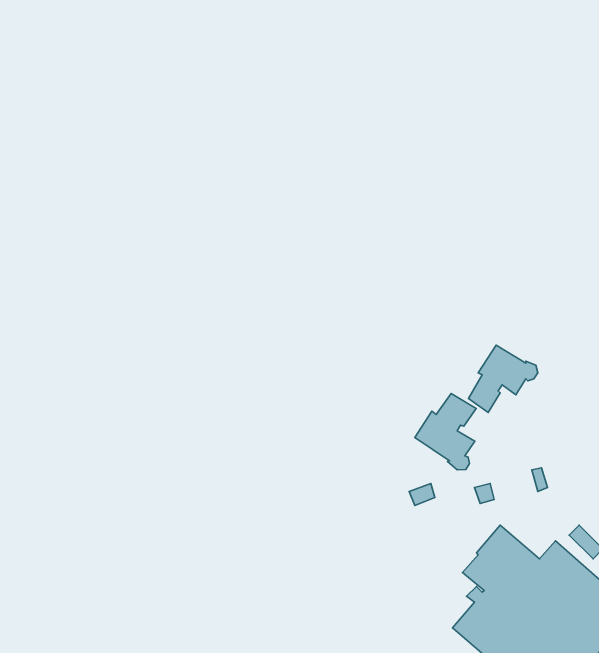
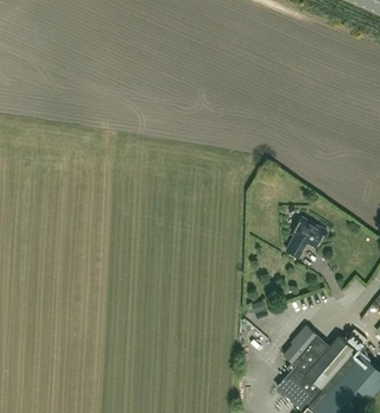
building: [415,393,476,470] -> none

